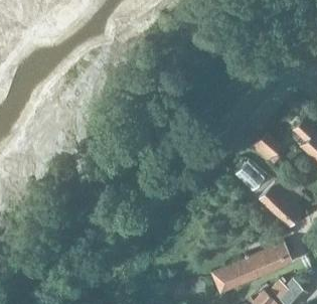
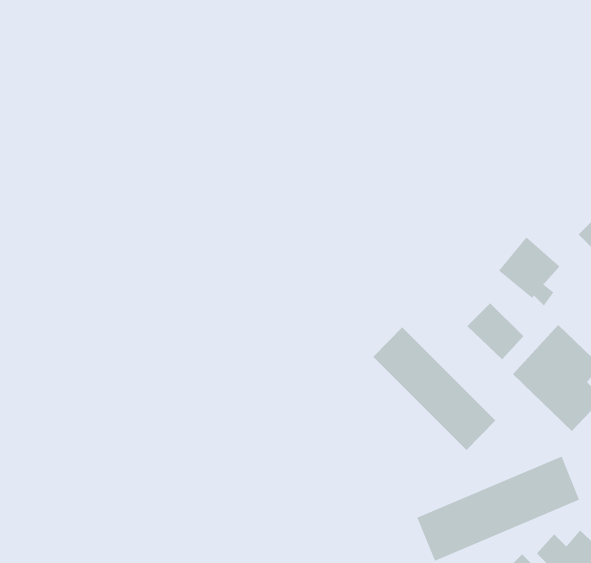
building: none -> [373,326,496,451]

